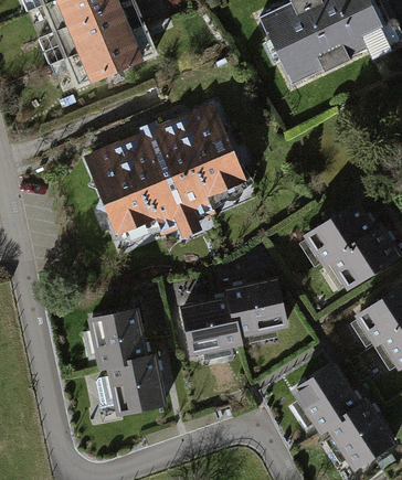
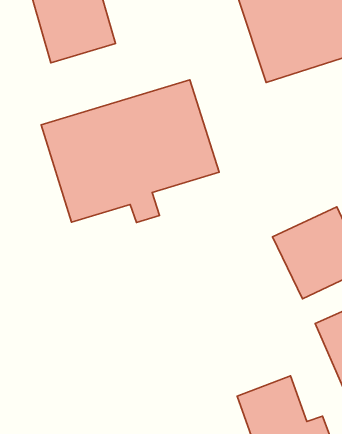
building: [183,277,285,353] -> none
building: [96,305,163,410] -> none

